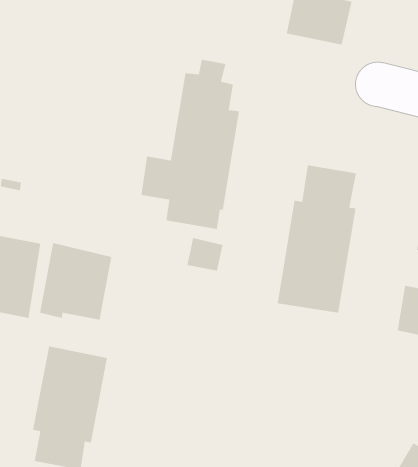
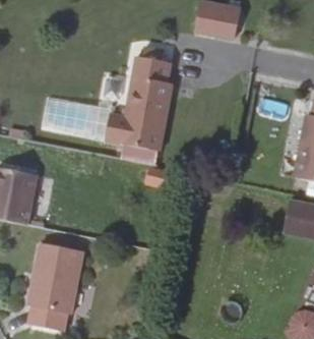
building: [277,164,357,313] -> none
building: [39,242,112,320] -> none

